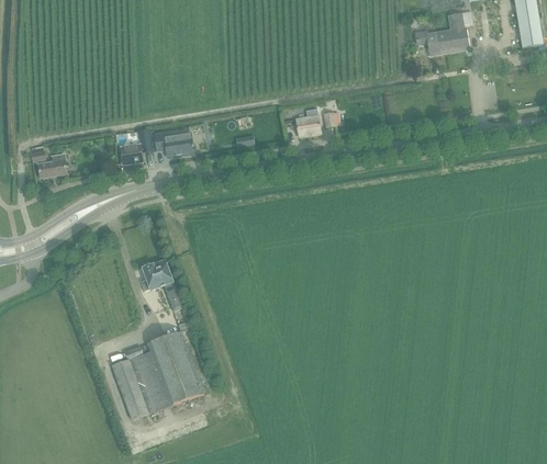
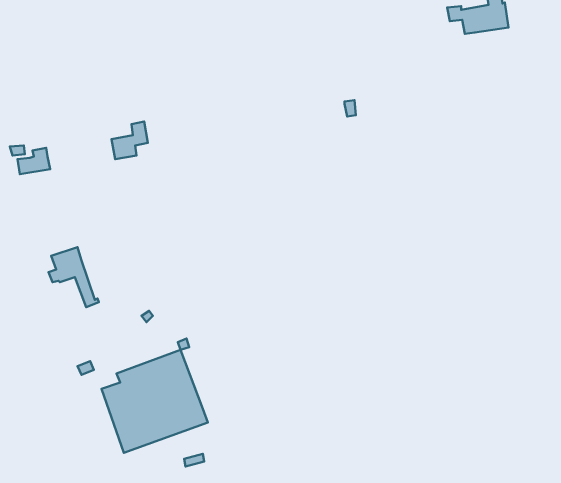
building: [297,107,321,136] -> none
building: [155,132,196,157] -> none
building: [141,259,185,312] -> [49,247,99,307]

